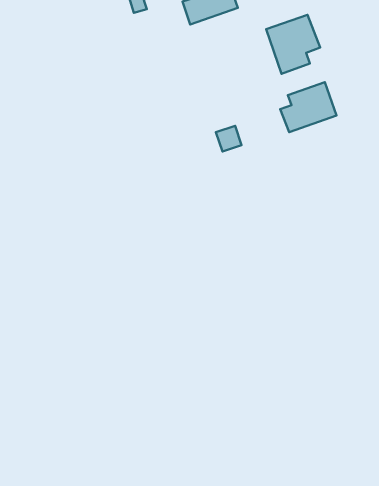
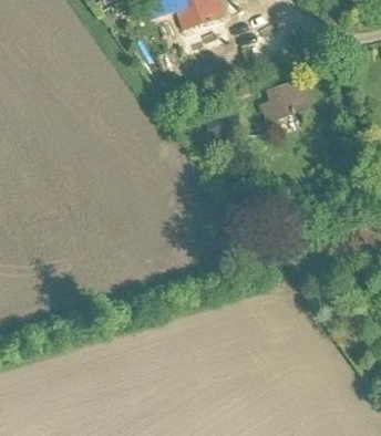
building: [266,15,320,74] -> none

